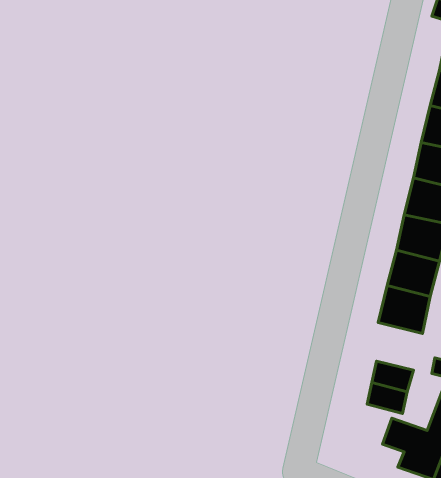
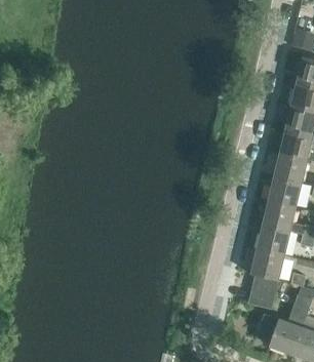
building: none -> [249,249,284,280]

